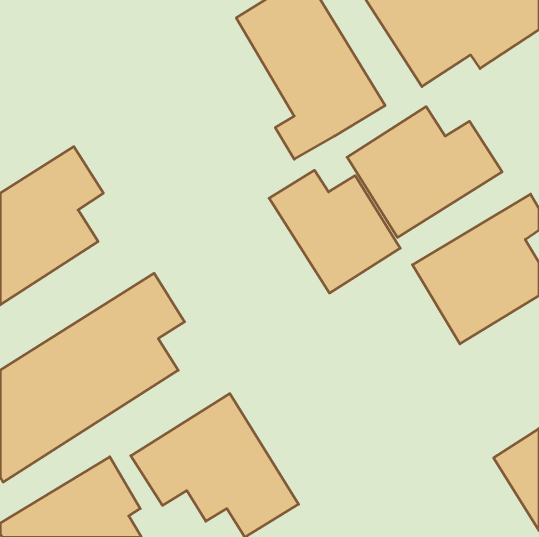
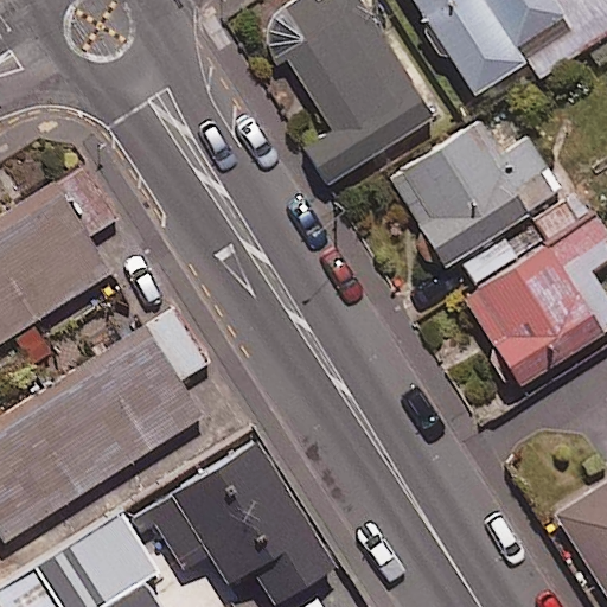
building: [269,170,400,293] -> none

